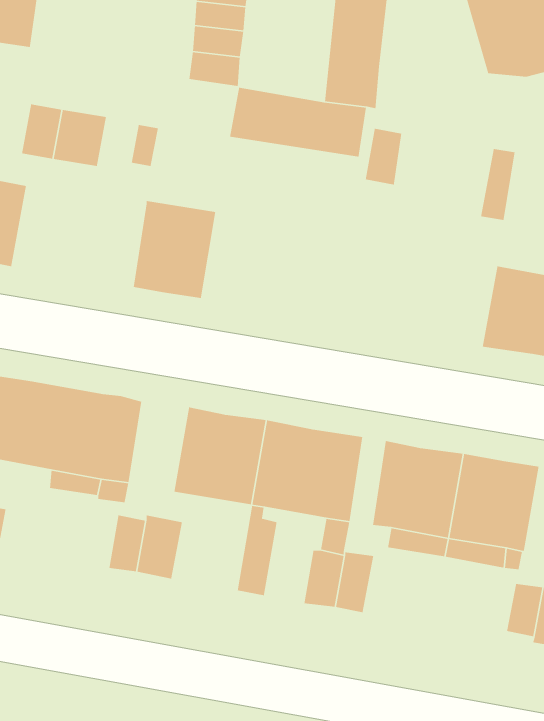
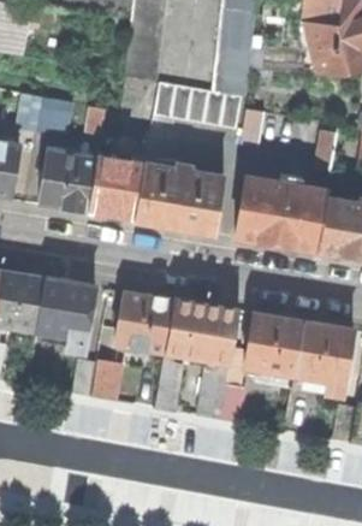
building: none -> [41,152,99,213]
building: none -> [135,164,222,234]
building: none -> [237,178,327,252]

